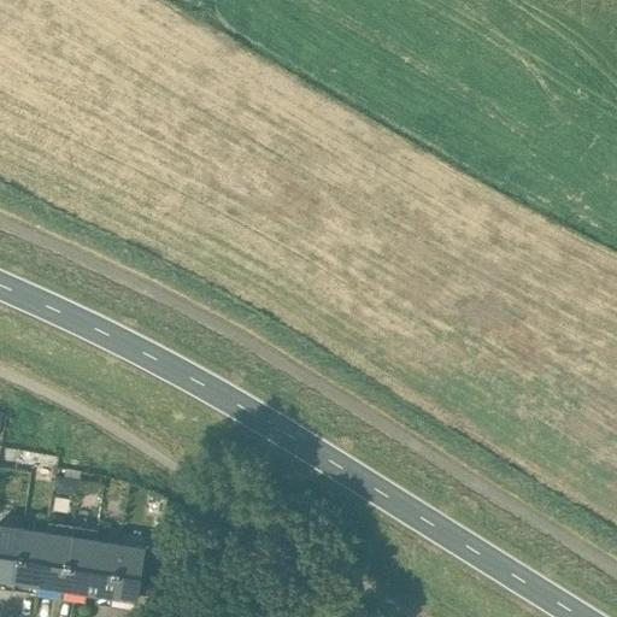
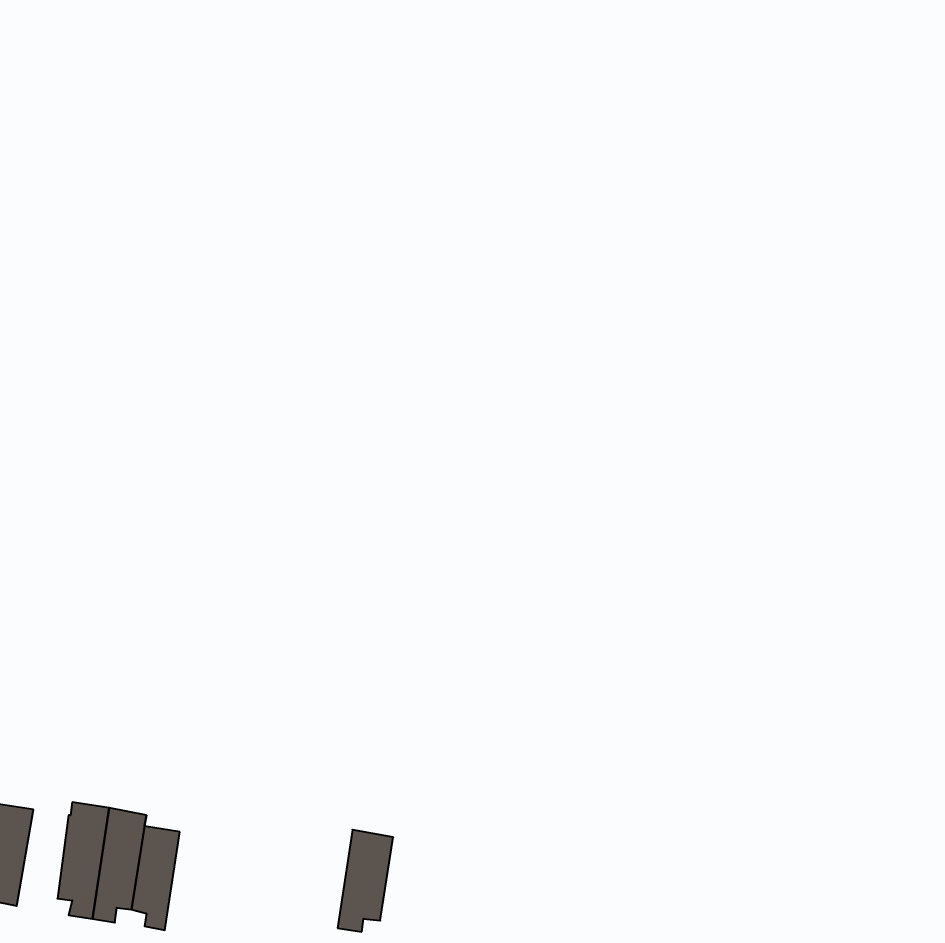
building: [11,529,45,594] -> none
building: [107,543,143,610] -> [338,830,393,932]

